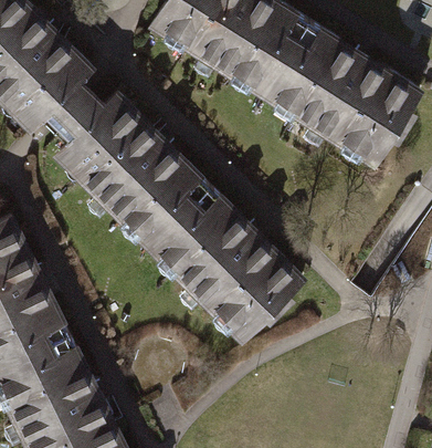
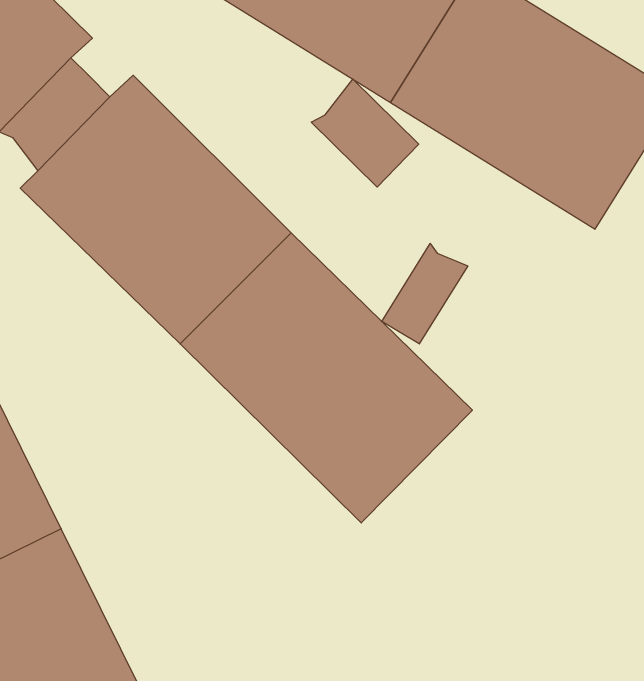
building: none -> [311,79,419,187]
building: none -> [382,243,468,344]

